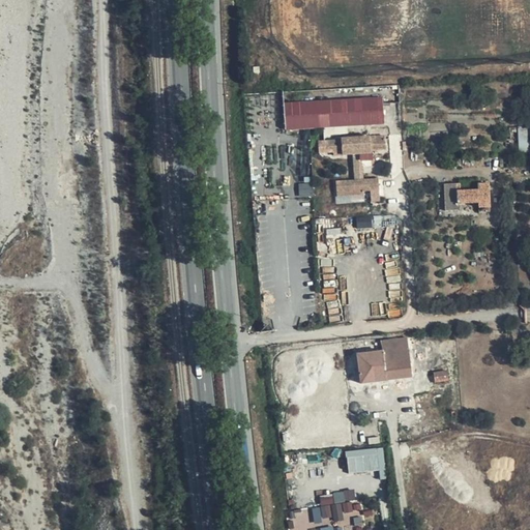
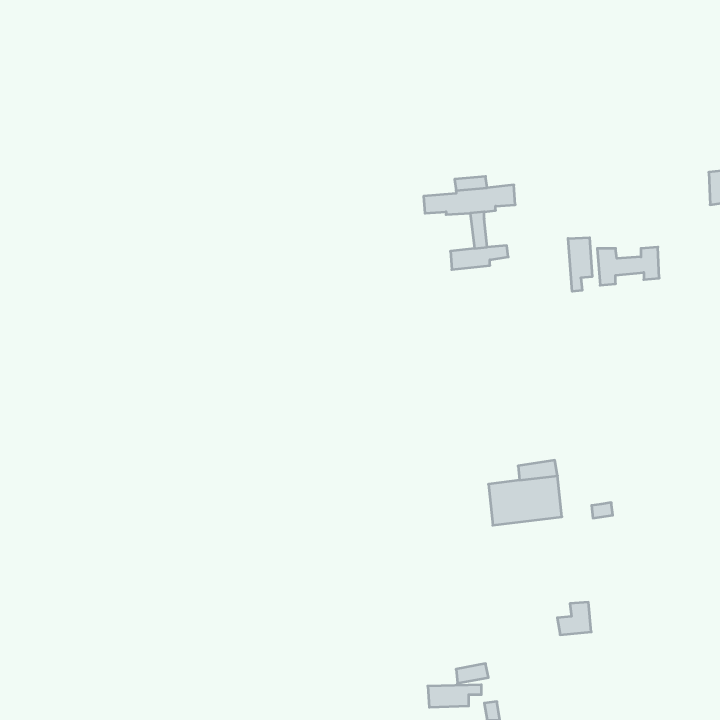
building: [276,97,377,128] -> none
building: none -> [568,238,592,291]
building: [359,445,384,469] -> [557,602,591,635]

